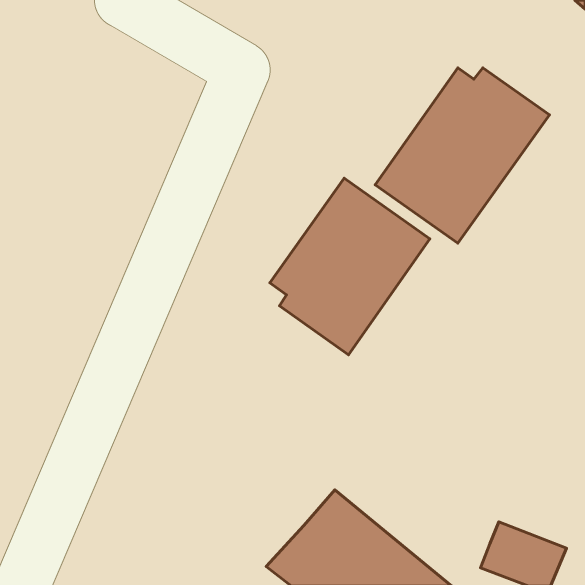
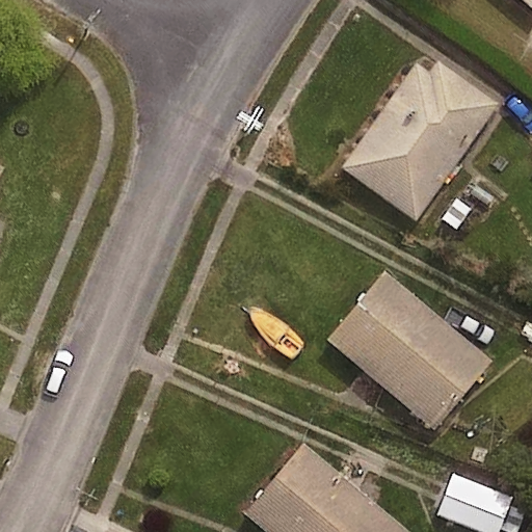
building: [270,178,430,355] -> none
building: none -> [327,272,491,432]

